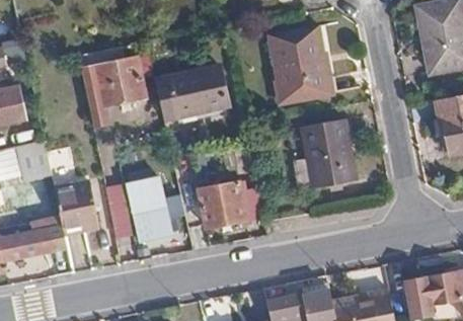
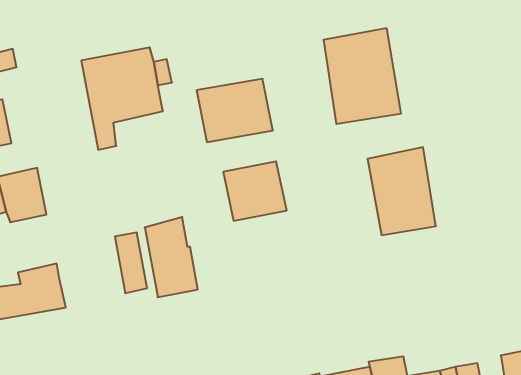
building: [199,180,248,227] -> [223,161,287,221]
building: [55,181,99,233] -> none

